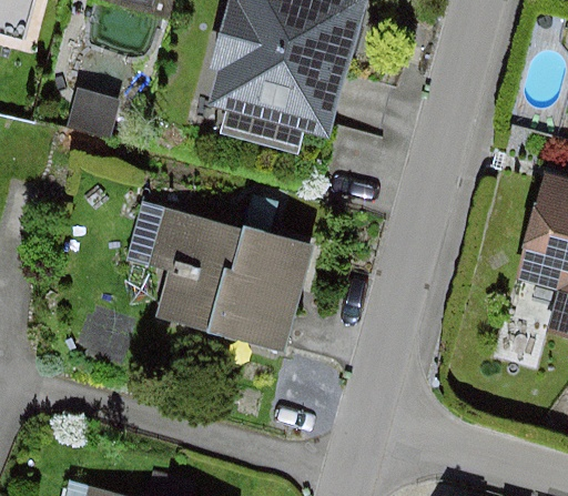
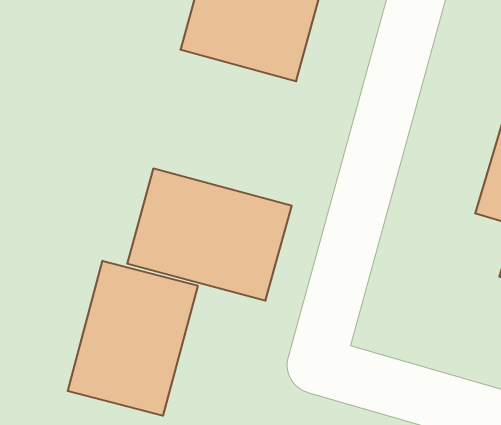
building: none -> [68,261,198,416]

